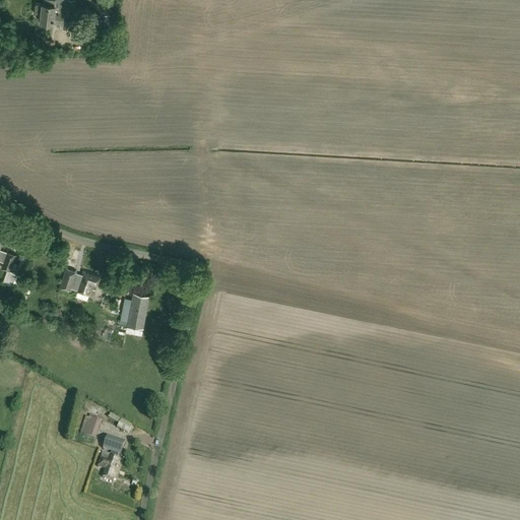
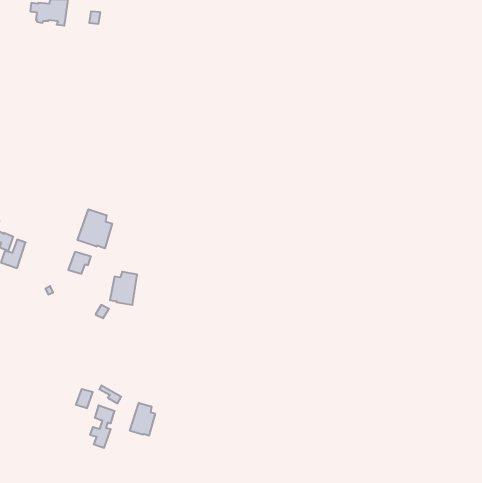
building: none -> [78,209,112,248]
building: none -> [130,403,155,436]

